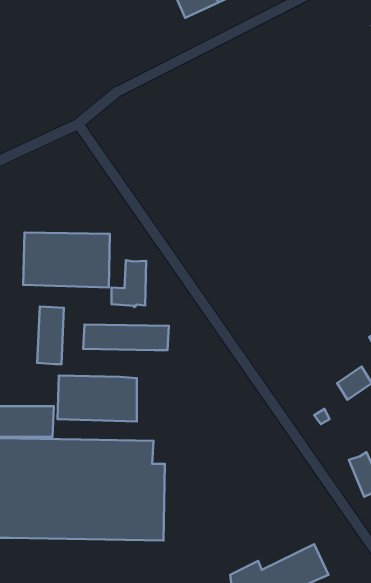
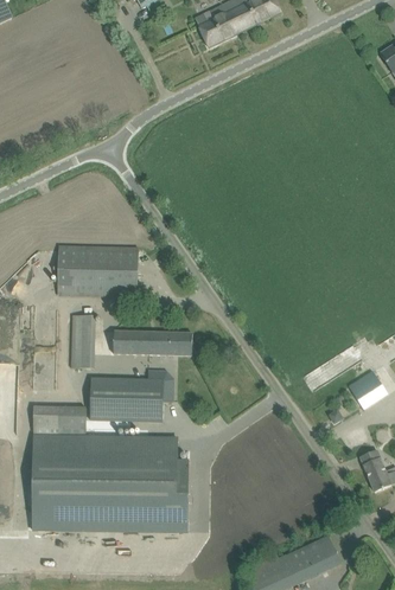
building: [111,260,146,307] -> none

